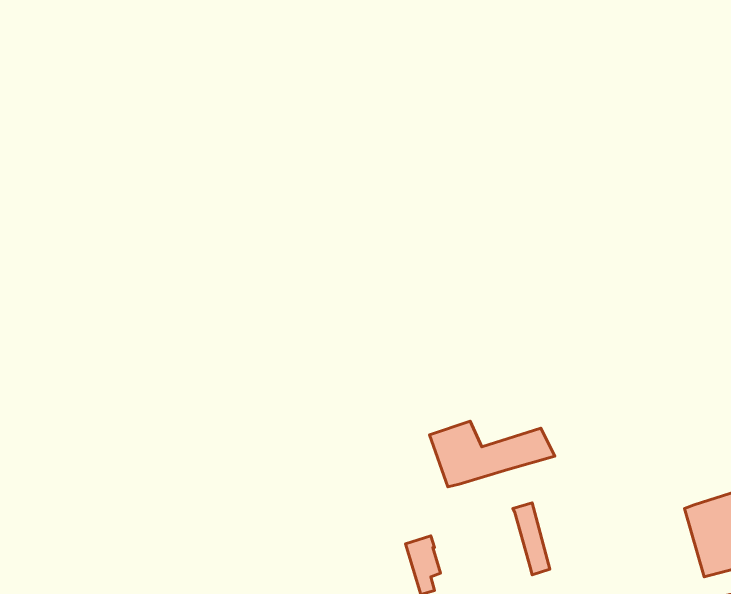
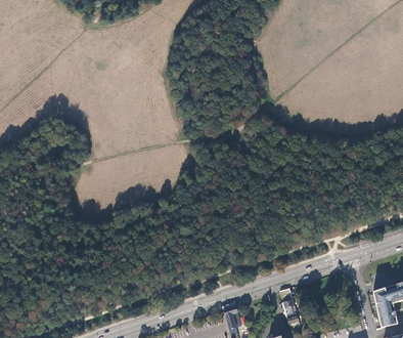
building: [429,421,555,487] -> none

